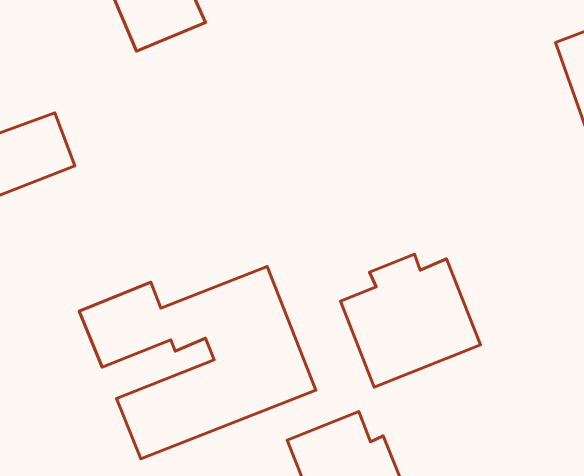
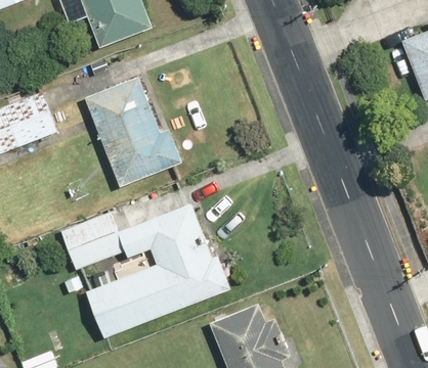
building: none -> [83,77,185,189]
building: [340,254,480,387] -> none

